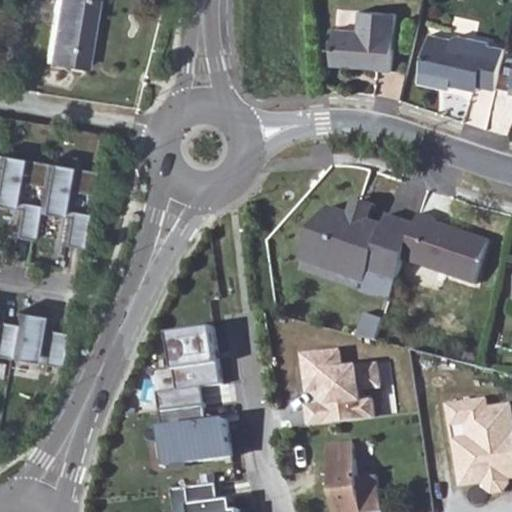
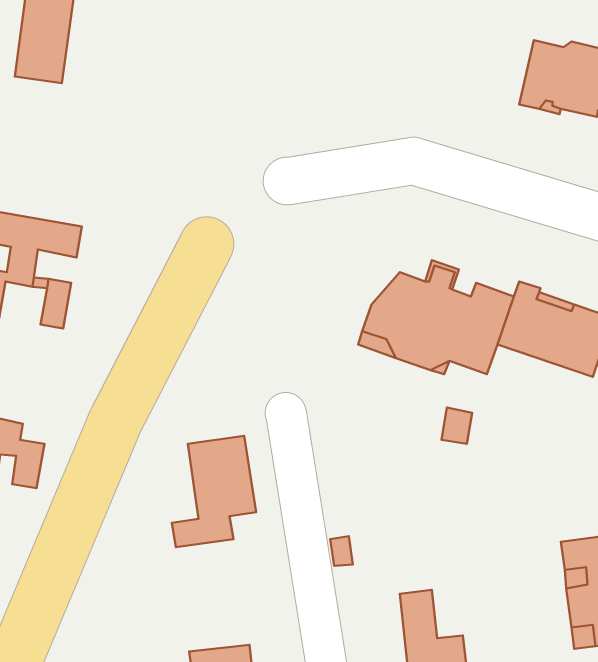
building: [333,10,395,69] -> none
building: [305,353,380,428] -> none
building: [162,405,231,465] -> none

